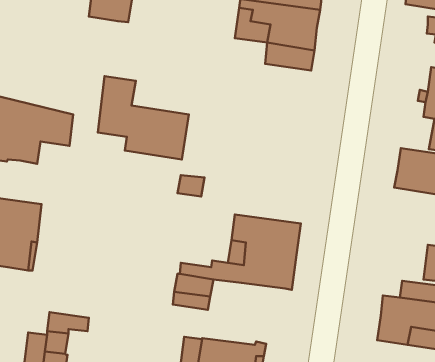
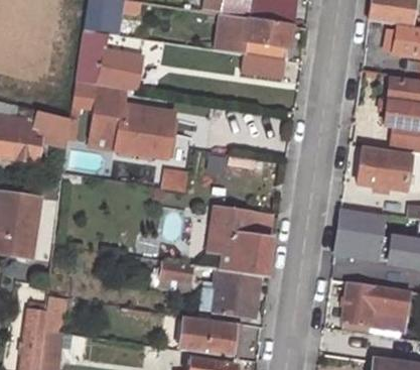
building: none -> [76,30,151,91]
building: none -> [334,211,383,258]
building: none -> [202,269,260,317]

